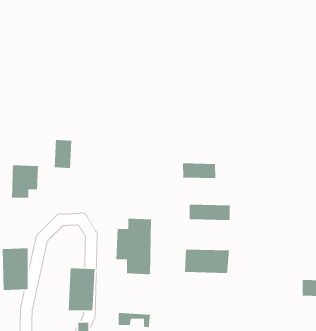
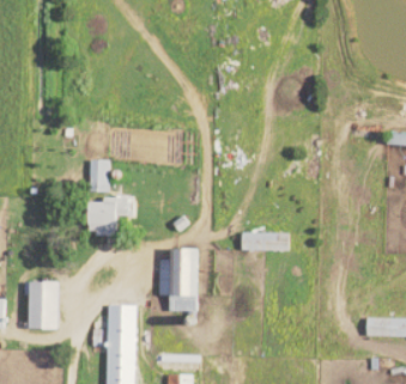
building: [182,163,216,179] -> none
building: [11,165,39,199] -> [93,197,125,236]
building: [184,249,230,274] -> none

